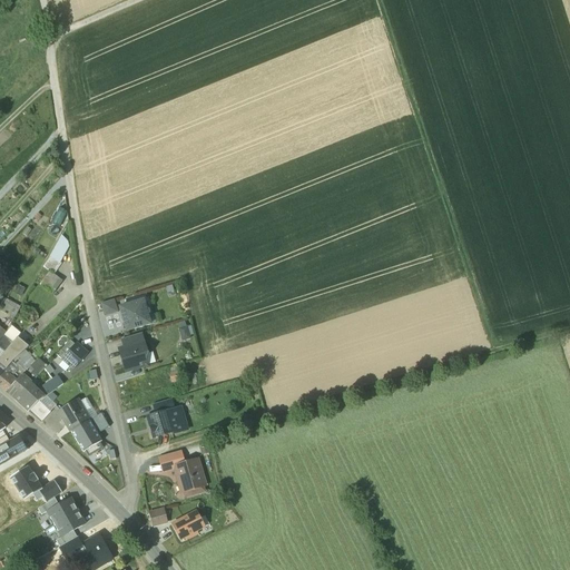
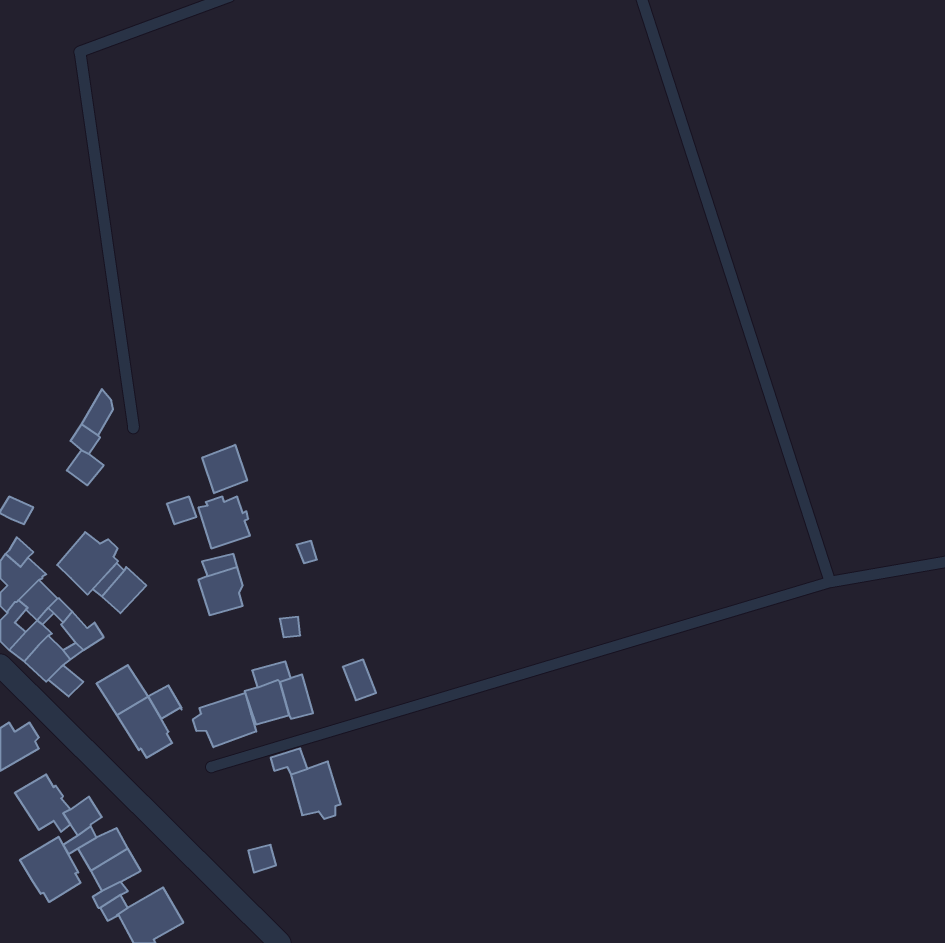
building: none -> [202,445,247,493]
building: none -> [57,532,118,595]
building: none -> [193,693,256,747]
building: none -> [20,837,81,902]
building: [174,511,205,538] -> none

